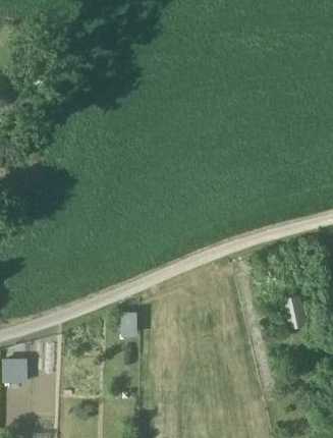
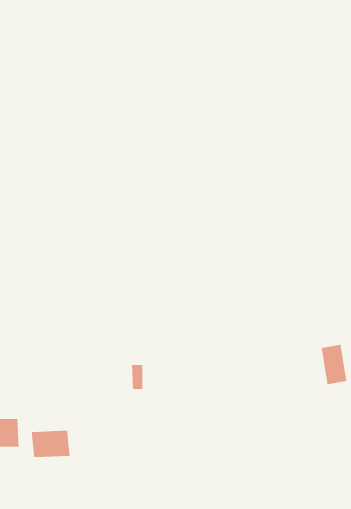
building: none -> [31,430,70,458]

